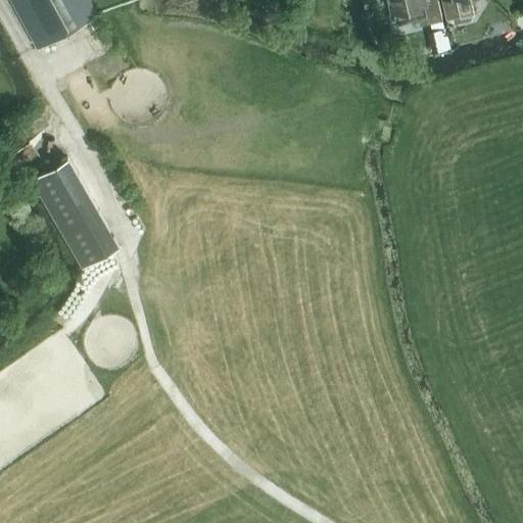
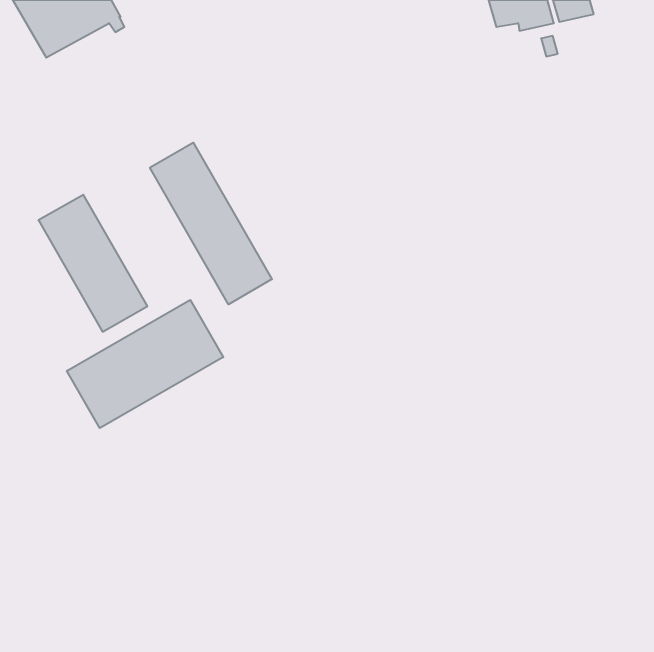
building: none -> [150,143,272,304]
building: none -> [67,300,223,428]

